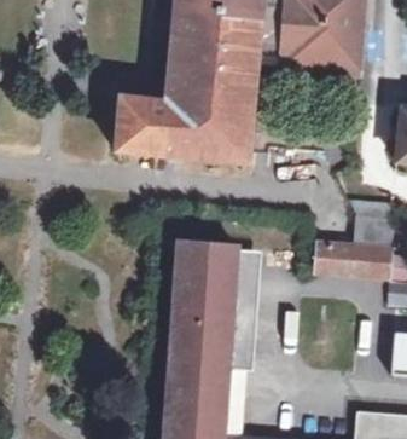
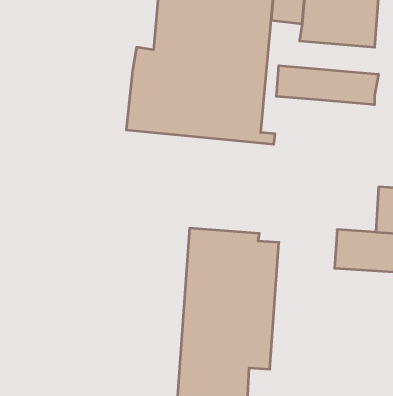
building: none -> [276,66,378,105]

